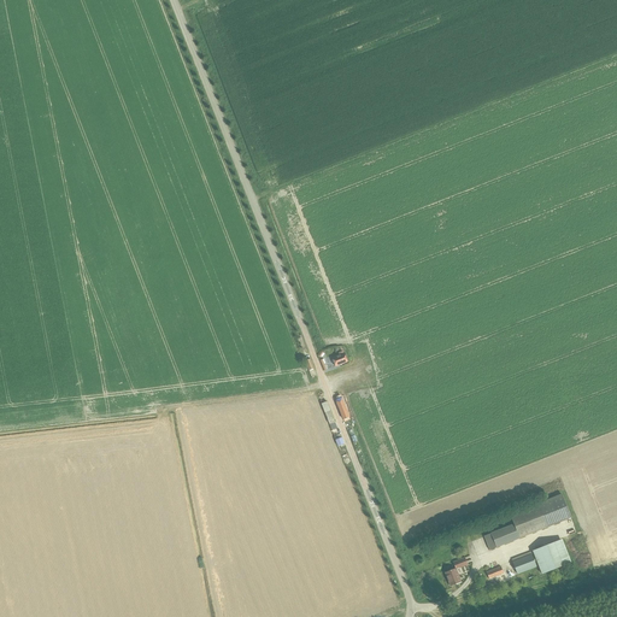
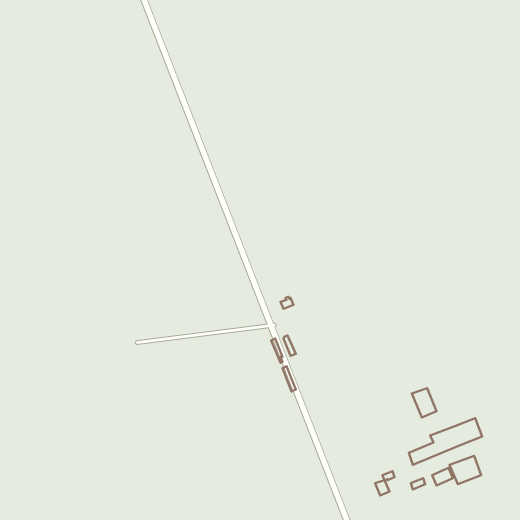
building: none -> [412,388,437,417]

